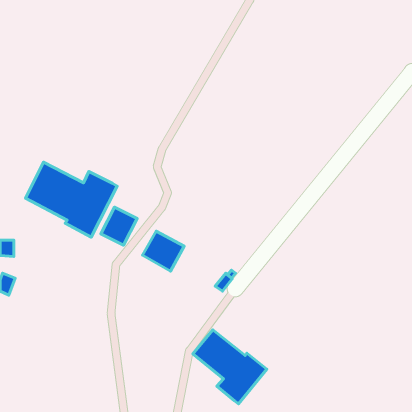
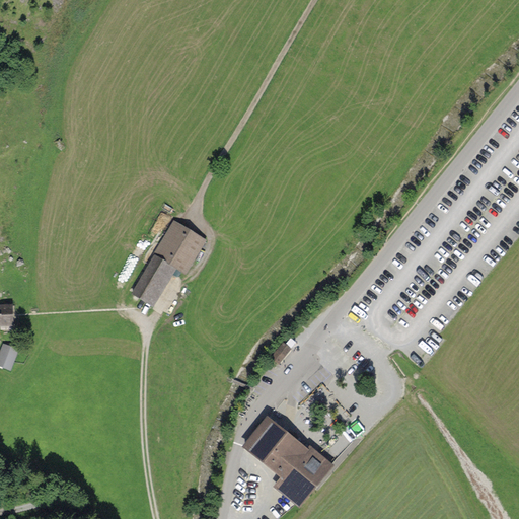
building: [26,162,117,237] -> none
building: [142,231,184,271] -> [150,224,203,275]

